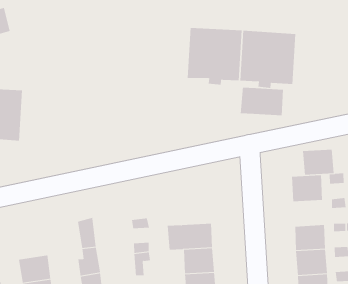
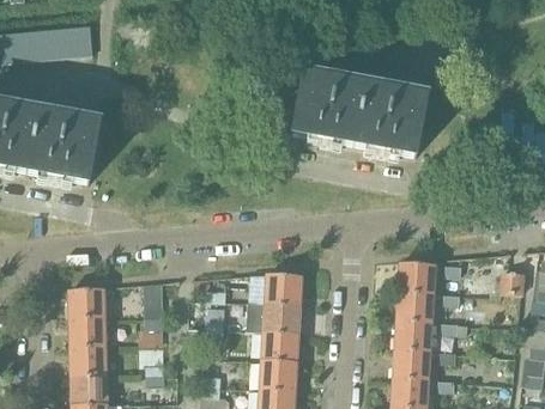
building: [240,87,283,116] -> none
building: [302,149,335,175] -> [396,292,434,323]
building: none -> [265,274,302,305]
building: none -> [68,289,105,319]

